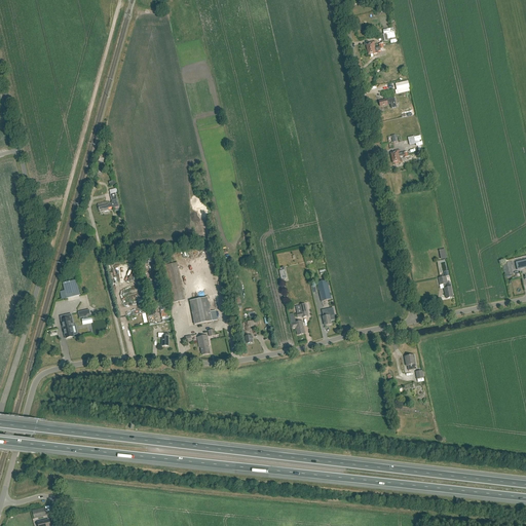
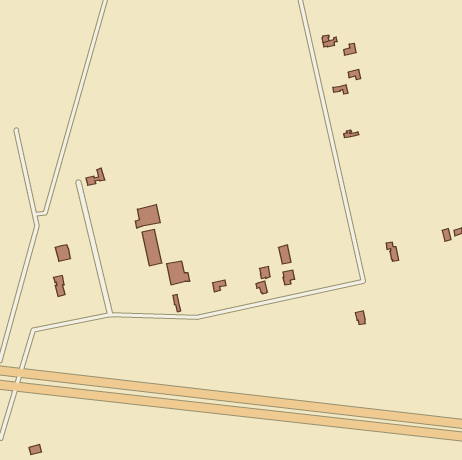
building: none -> [135,204,160,228]

